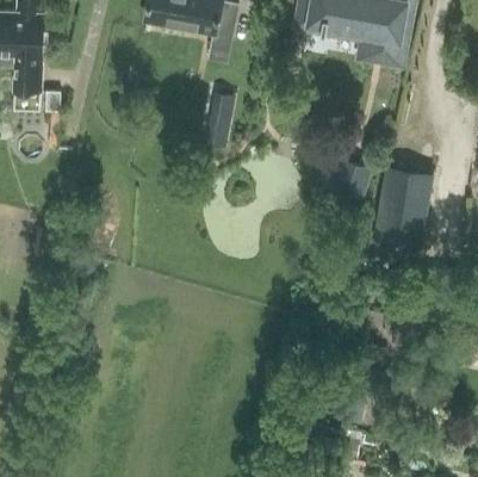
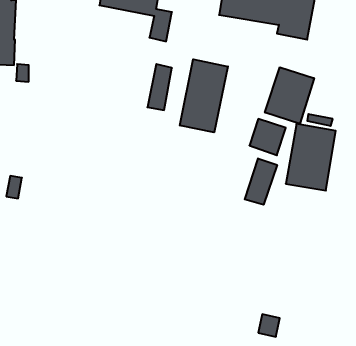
building: none -> [180,59,228,132]
building: none -> [265,67,314,124]
building: none -> [245,158,277,205]

